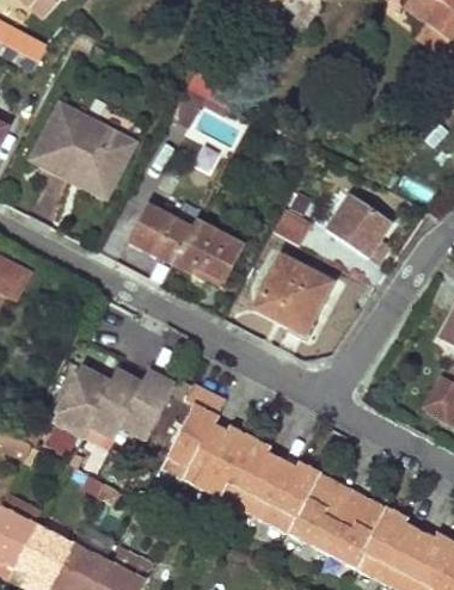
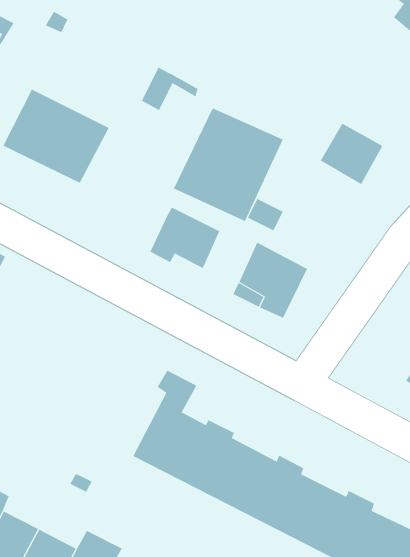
building: none -> [173,107,284,222]
building: [327,197,389,258] -> [320,123,383,185]
building: [136,210,194,266] -> none
building: [50,367,172,440] -> none

